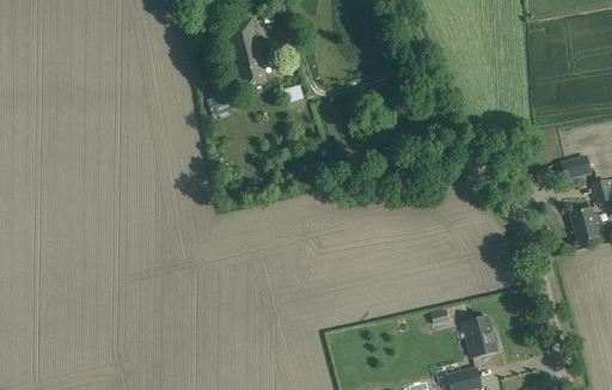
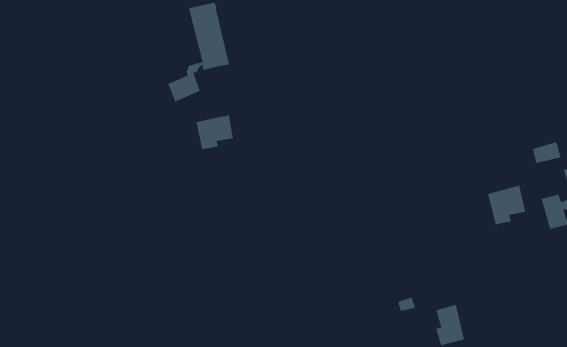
building: none -> [196,114,233,150]
building: none -> [487,185,526,225]

